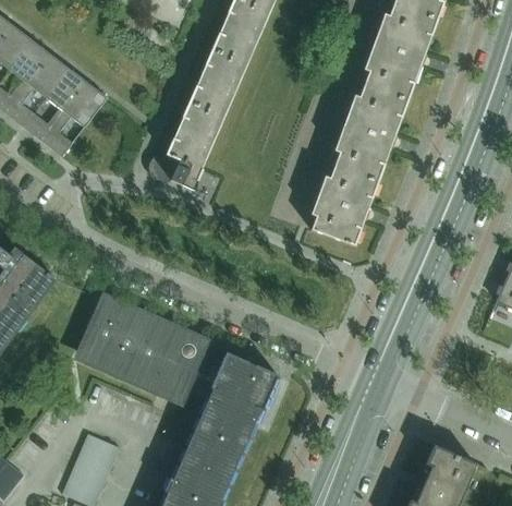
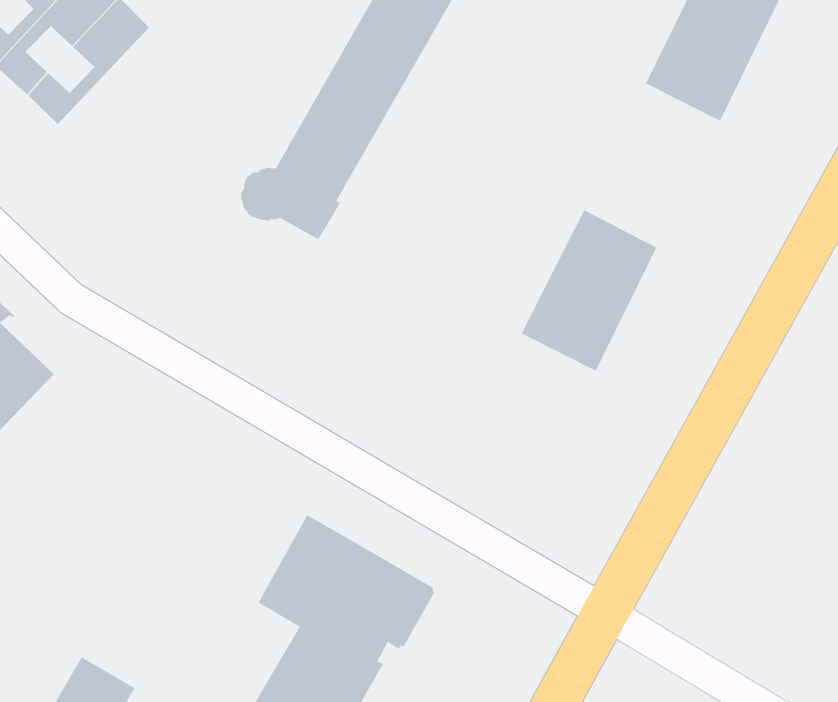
building: [42,84,106,157] -> none
building: [337,85,406,174] -> none
building: [78,299,203,401] -> none

